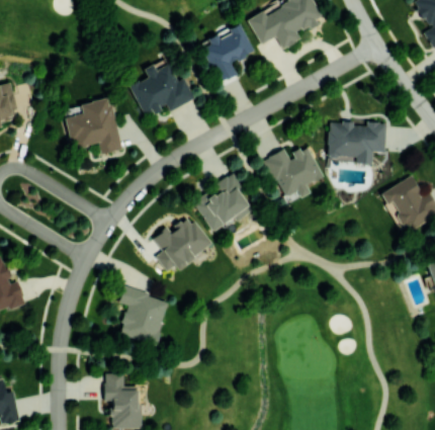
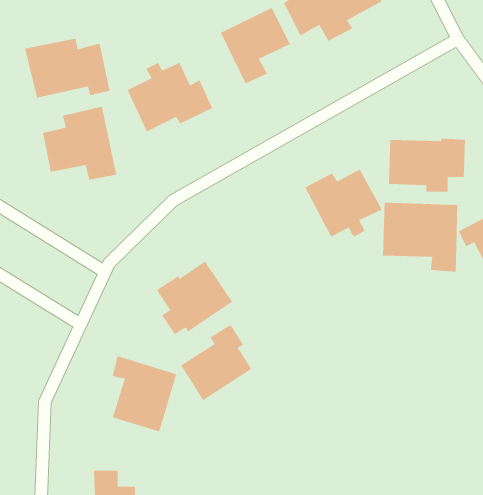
building: none -> [24,38,111,99]
building: none -> [382,202,458,273]
building: [194,173,249,232] -> [180,324,252,401]

